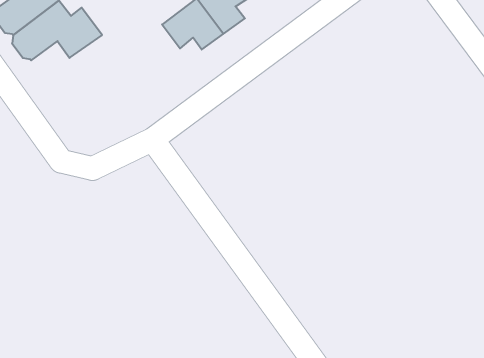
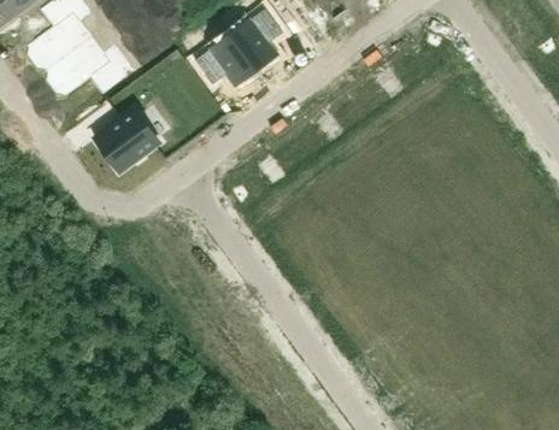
building: none -> [100,110,159,171]

